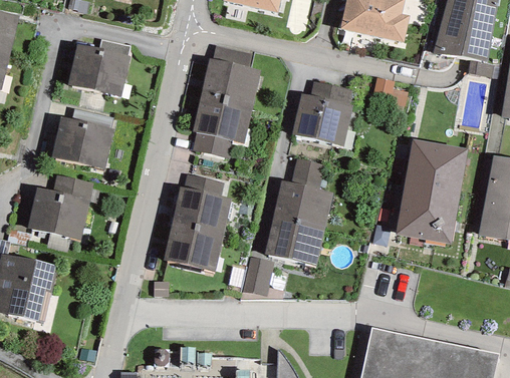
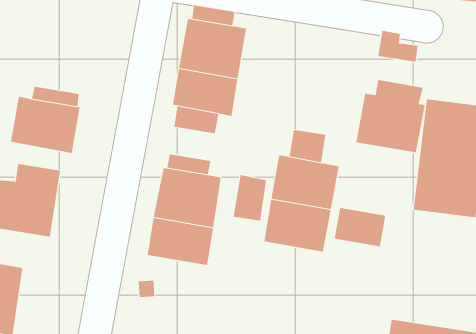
building: [67,40,131,96] -> none
building: [291,81,353,146] -> [356,80,426,153]
building: none -> [334,207,386,247]
building: [243,256,274,297] -> [233,175,267,221]

